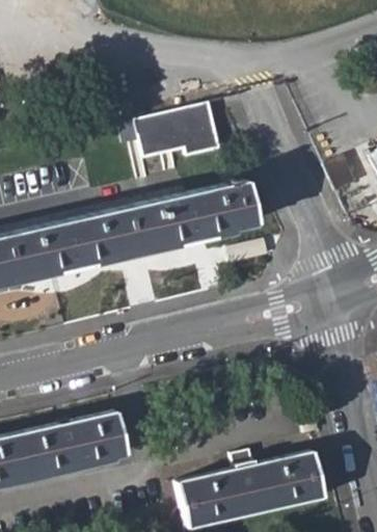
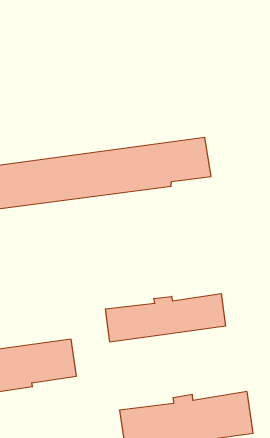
building: [118,103,219,159] -> none
building: none -> [106,294,225,342]

